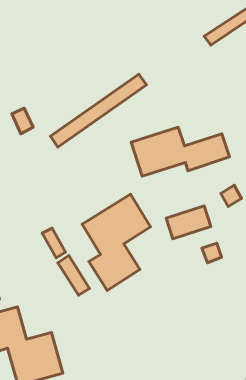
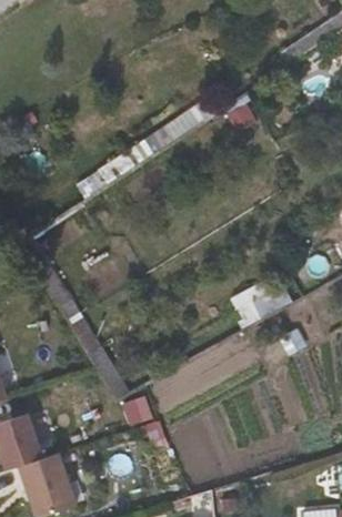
building: [131,127,230,176] -> none
building: [82,194,150,290] -> none

